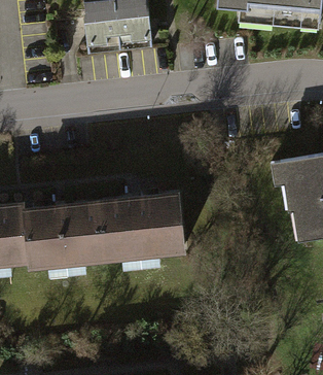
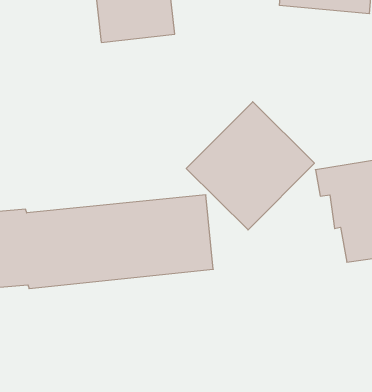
building: none -> [186,102,314,230]

